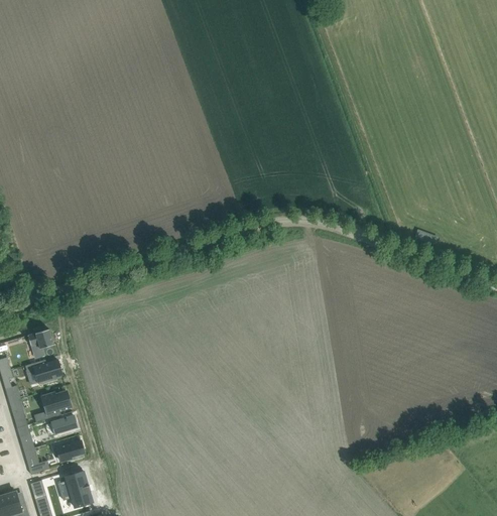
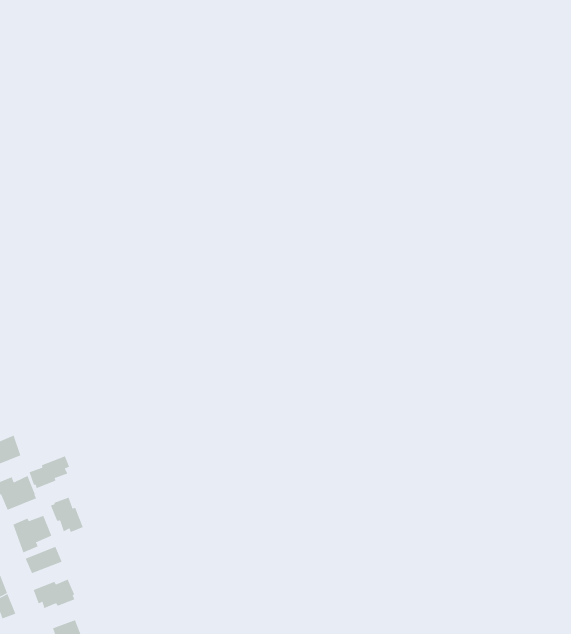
building: none -> [29,455,70,489]
building: none -> [50,497,84,533]

